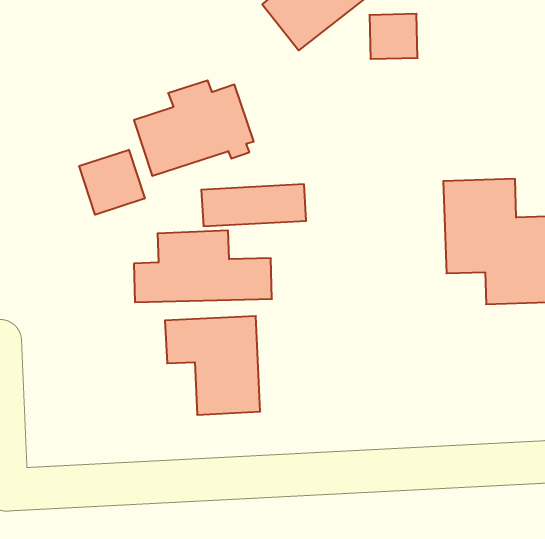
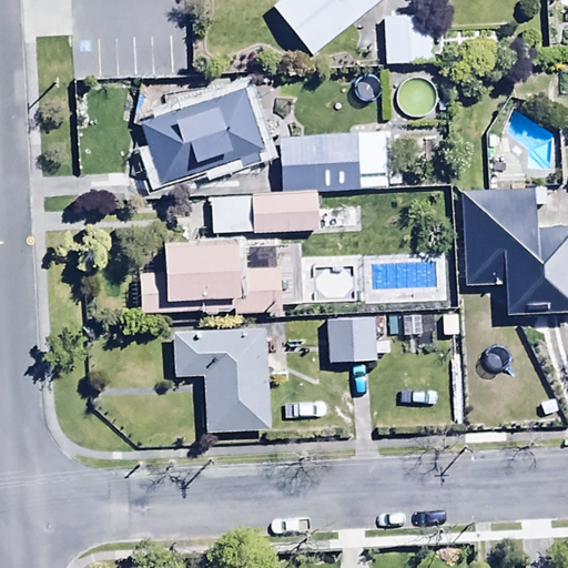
building: none -> [282,132,399,189]
building: [79,150,145,215] -> none
building: none -> [328,317,375,362]

